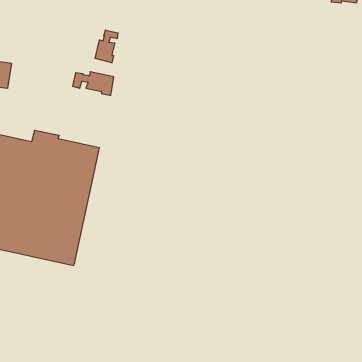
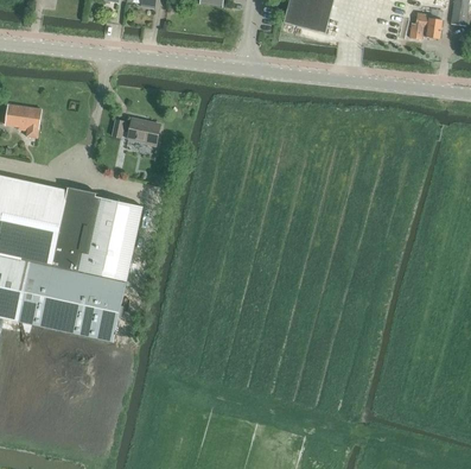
building: [95,30,118,63] -> none

